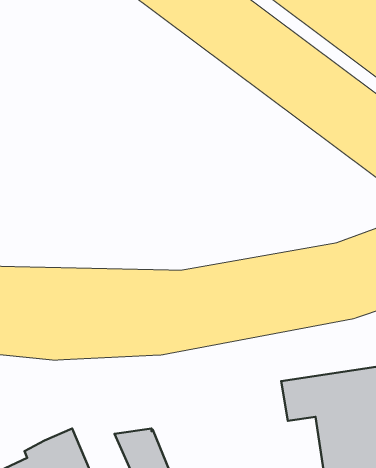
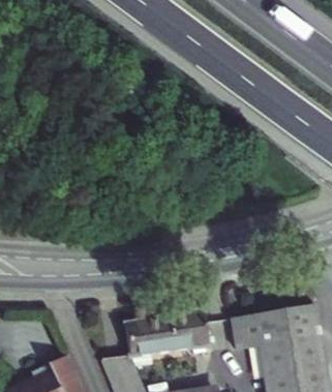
building: none -> [125,312,209,359]

